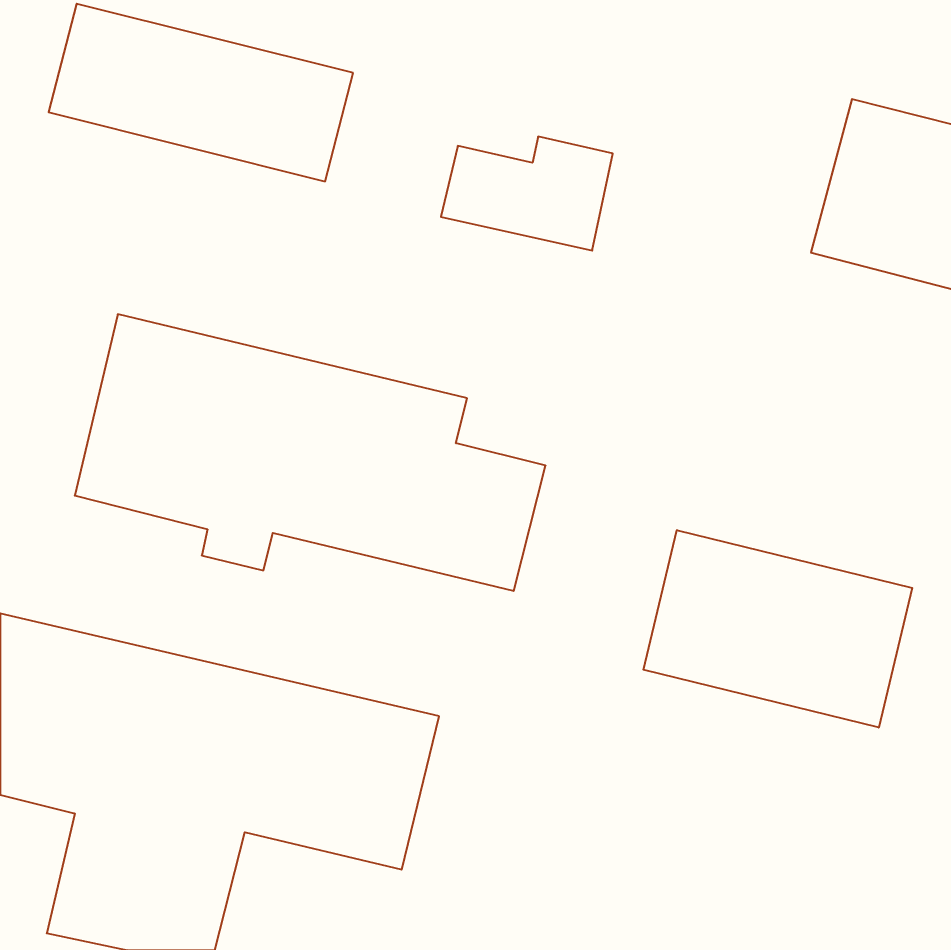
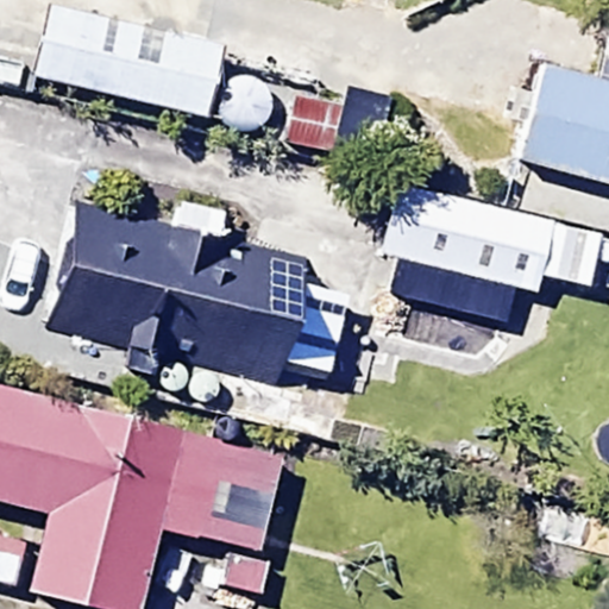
building: none -> [379,187,598,293]
building: [643,530,912,728] -> none

